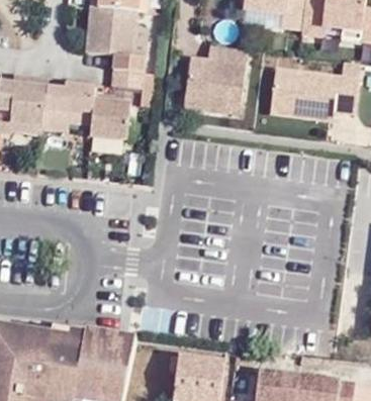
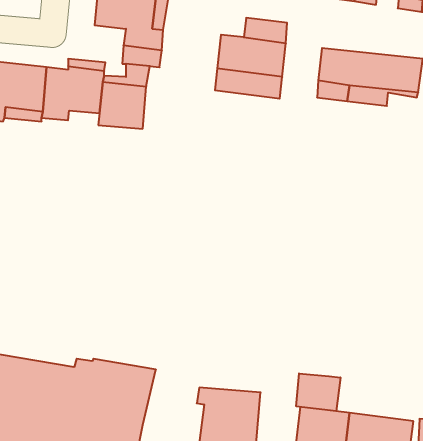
building: none -> [296,373,340,411]

